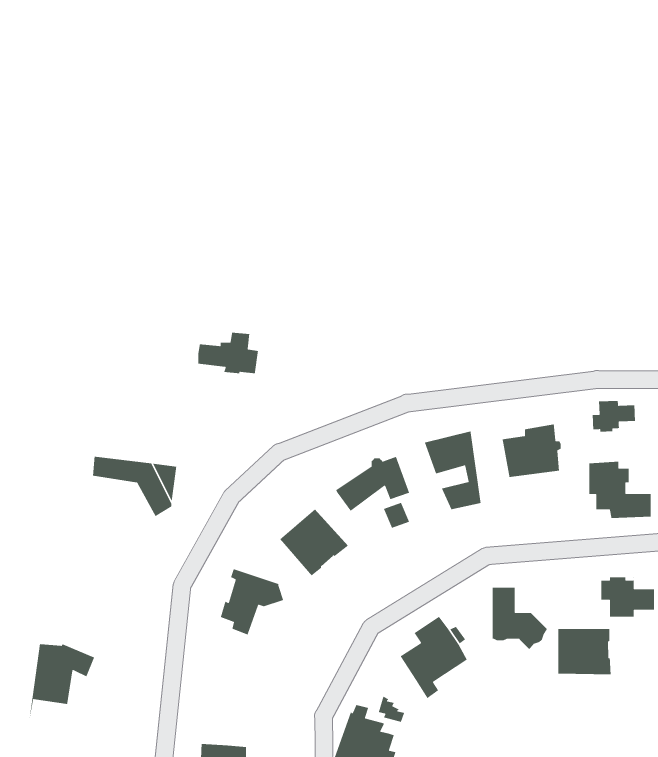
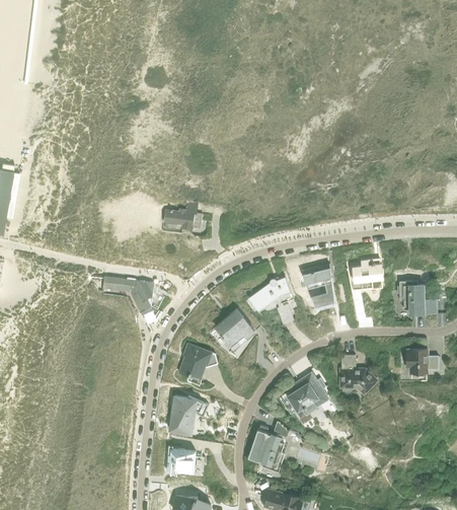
building: [592,400,636,432] -> none
building: [557,628,611,675] -> none
building: [29,632,95,718] -> [167,389,207,441]

